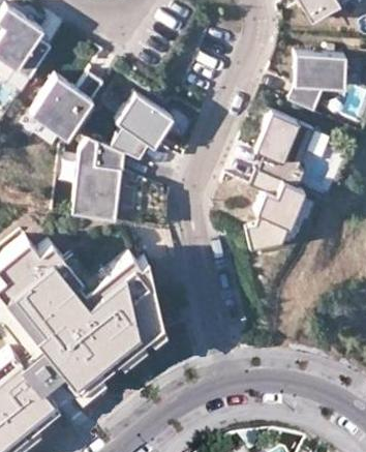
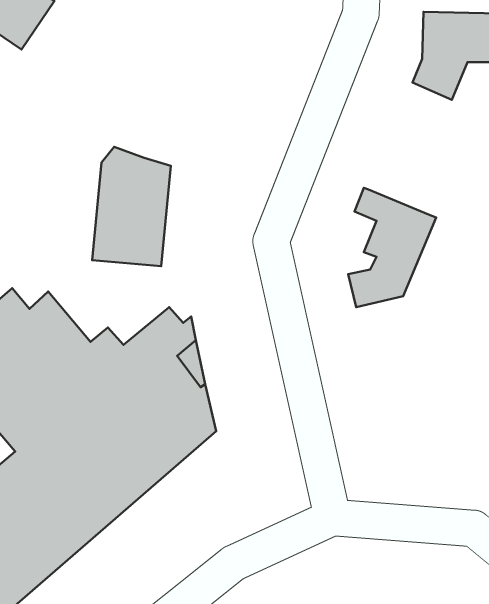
building: [26,71,110,146] -> none
building: [112,94,174,160] -> none
building: [255,112,315,187] -> none

